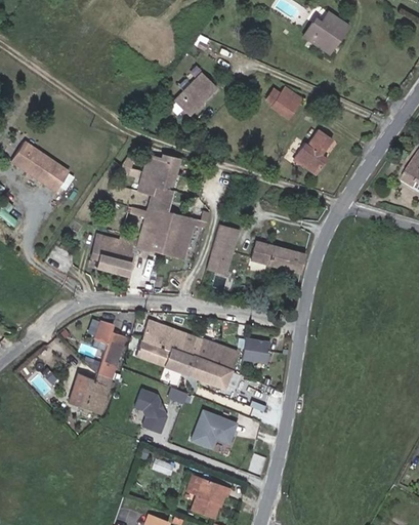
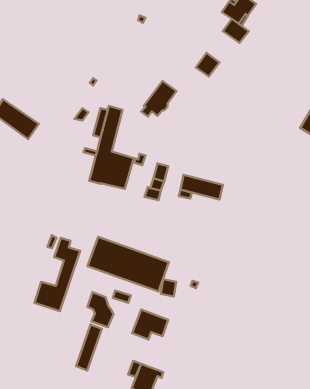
building: none -> [223,19,249,43]
building: [173,73,217,118] -> [141,81,176,117]
building: [292,129,332,175] -> none
building: [94,233,139,275] -> none
building: [243,338,270,361] -> none
building: none -> [76,324,102,370]

